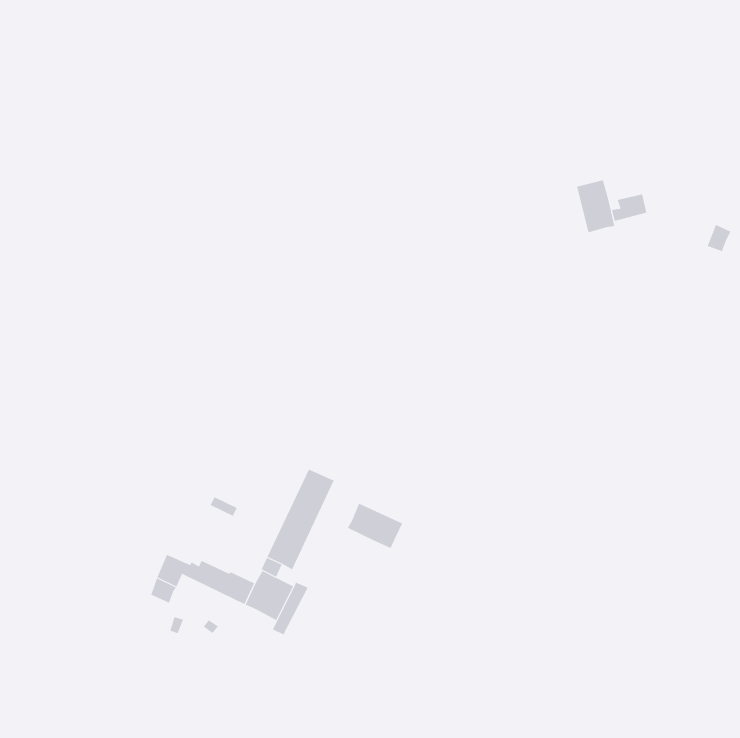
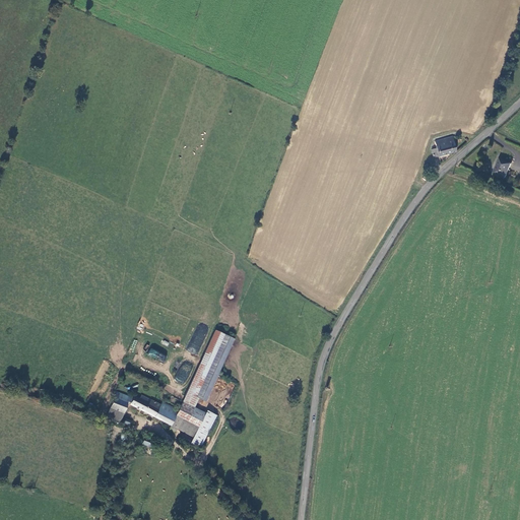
building: [576,179,615,233] -> none
building: [347,503,403,549] -> none

